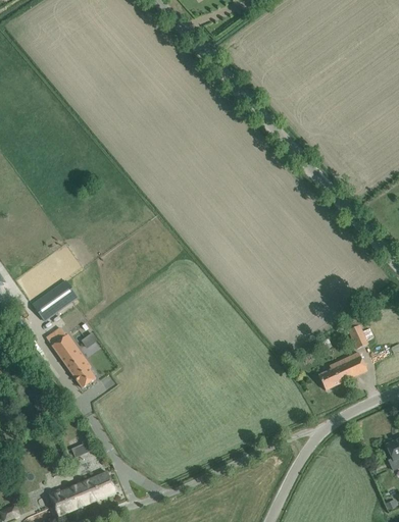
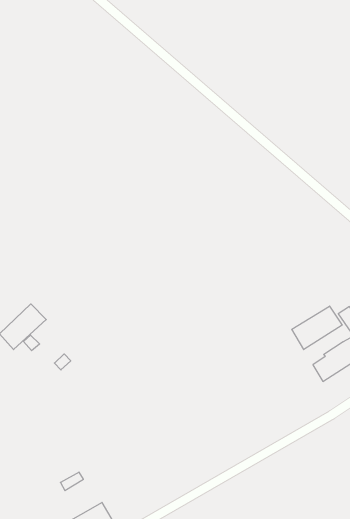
building: none -> [292,306,342,350]
building: [48,332,95,386] -> none

